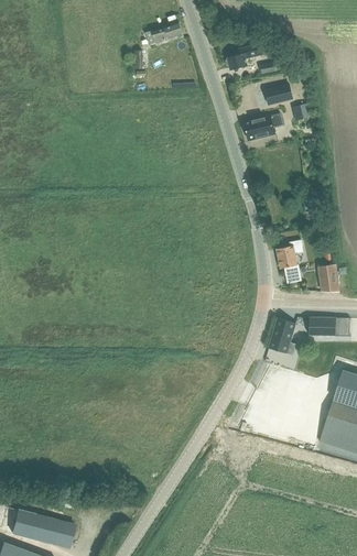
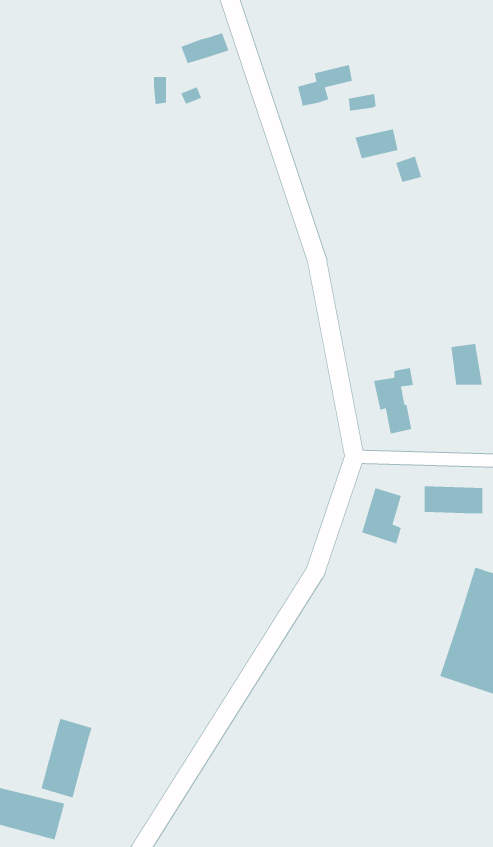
building: [245,113,284,140] -> none
building: [320,264,340,292] -> [451,343,483,385]
building: none -> [41,718,92,799]

